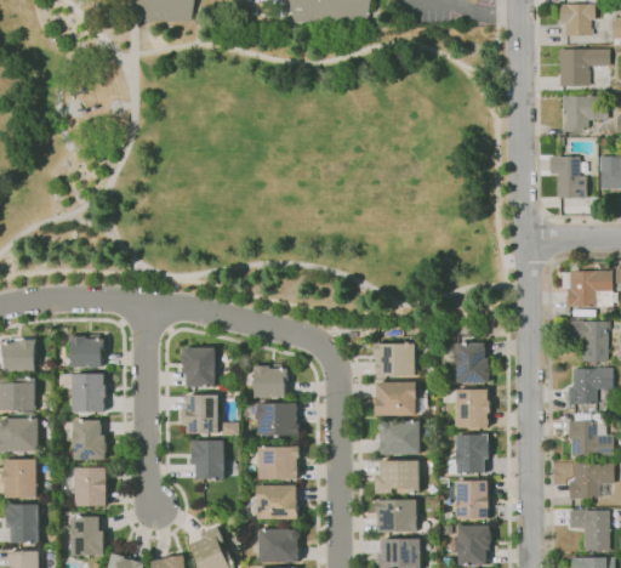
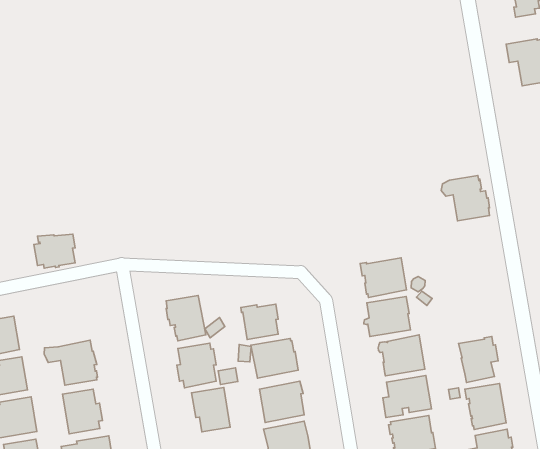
building: [65,335,104,368] -> [34,234,75,268]
building: [446,342,490,382] -> [441,176,490,221]
building: [443,388,490,427] -> none

